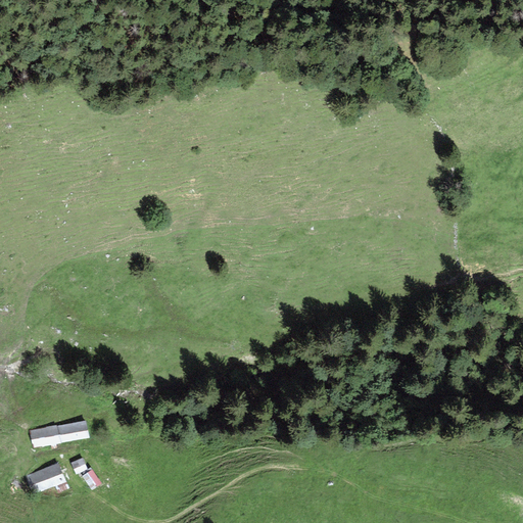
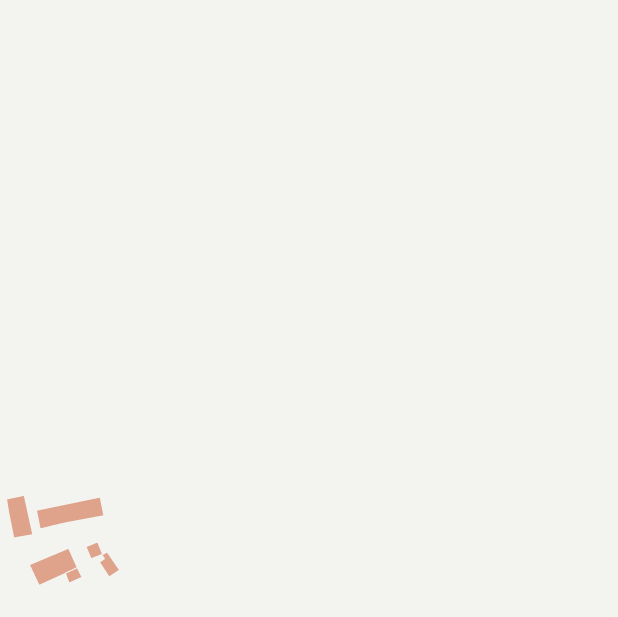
building: none -> [7,495,33,538]

